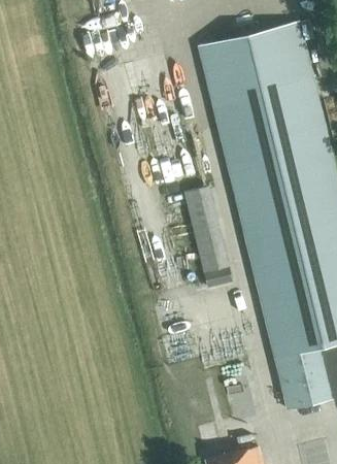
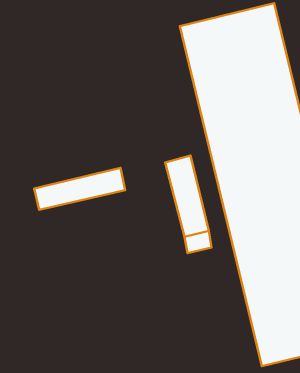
building: none -> [34,168,125,210]

